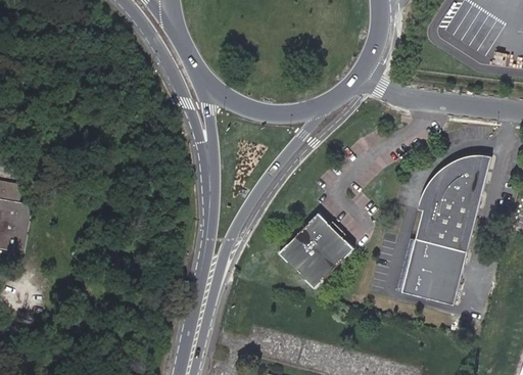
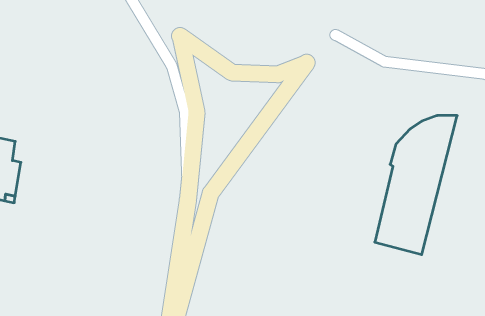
building: [280,214,354,287] -> none

